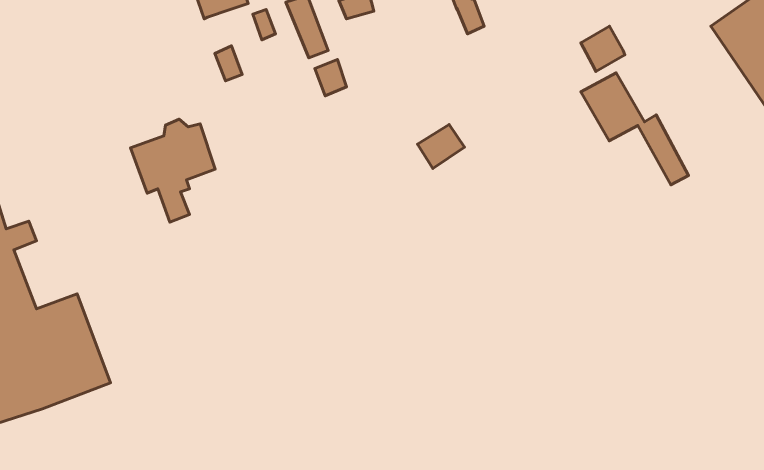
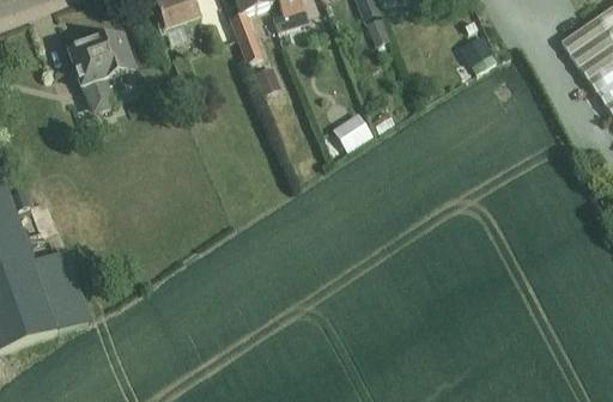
building: [581,73,688,185] -> none
building: [131,119,215,222] -> [68,28,135,109]

